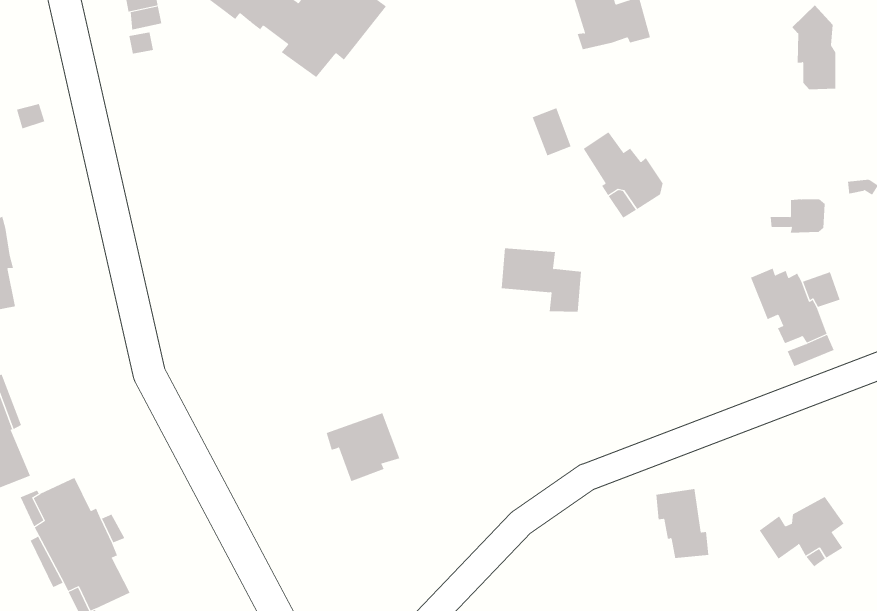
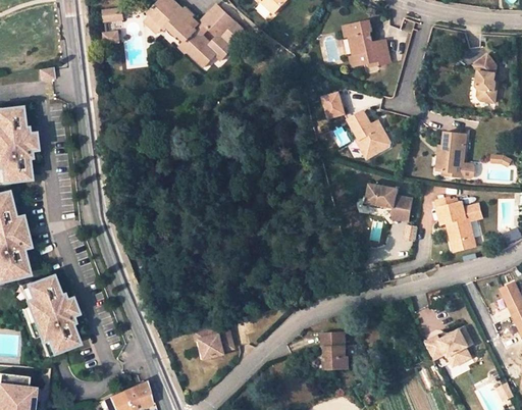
building: none -> [439,131,471,170]
building: [501,248,582,312] -> [367,181,413,220]
building: [326,412,400,482] -> [193,322,232,359]
building: [655,489,709,559] -> [322,330,349,368]

